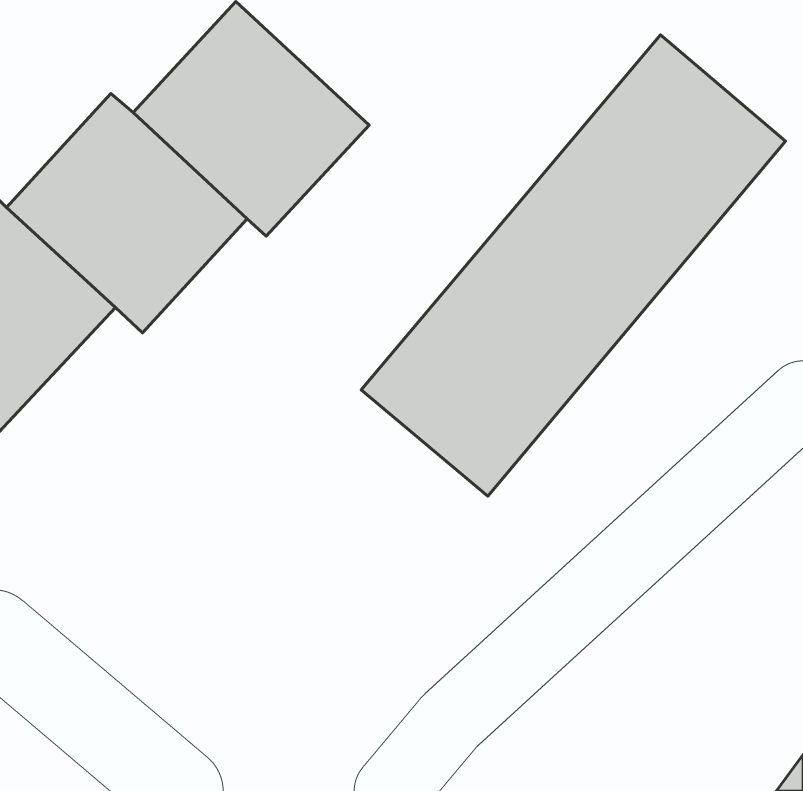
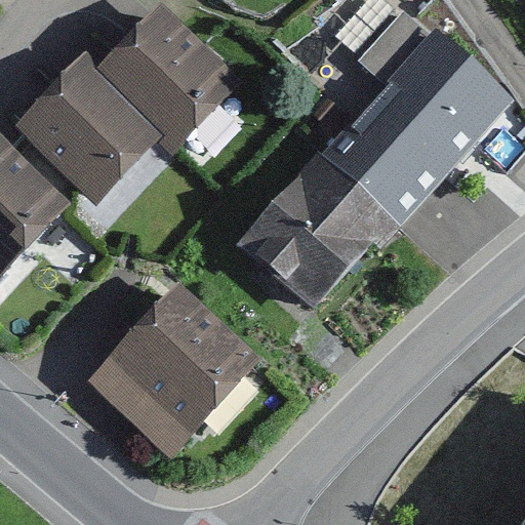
building: none -> [103,281,259,438]

